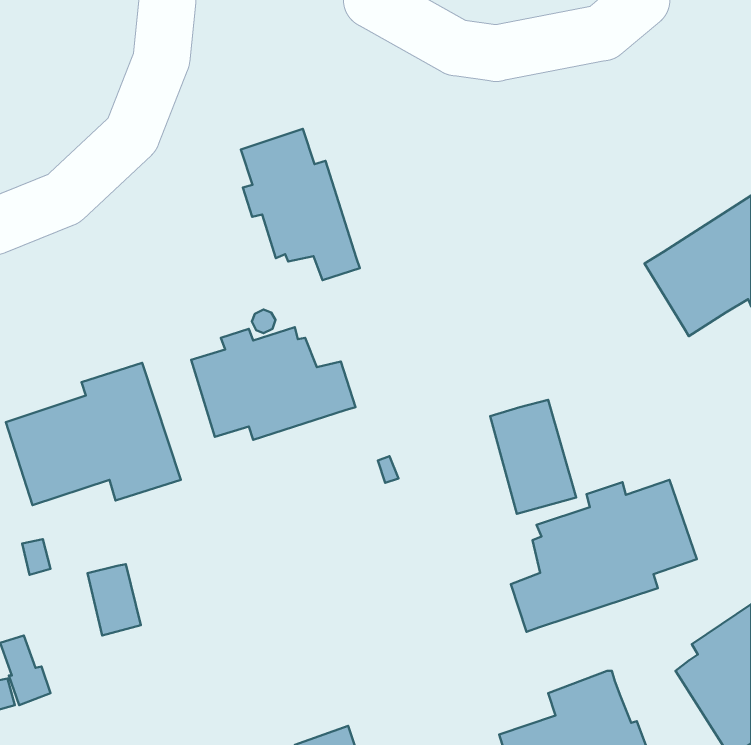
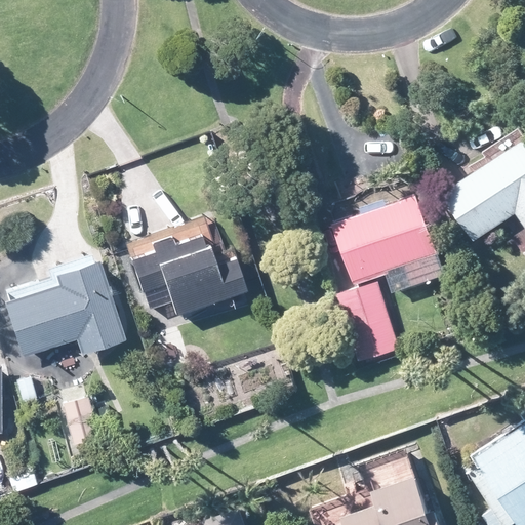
building: [241,129,360,280] -> none
building: none -> [337,195,448,294]
building: [511,480,697,632] -> none

